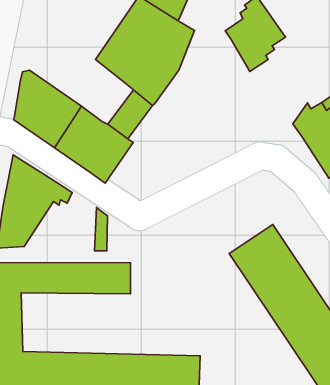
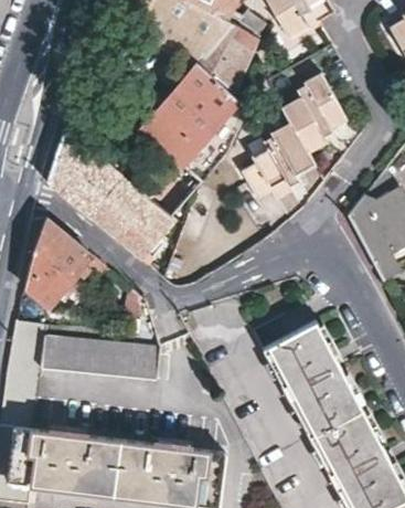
building: none -> [244,118,313,197]

